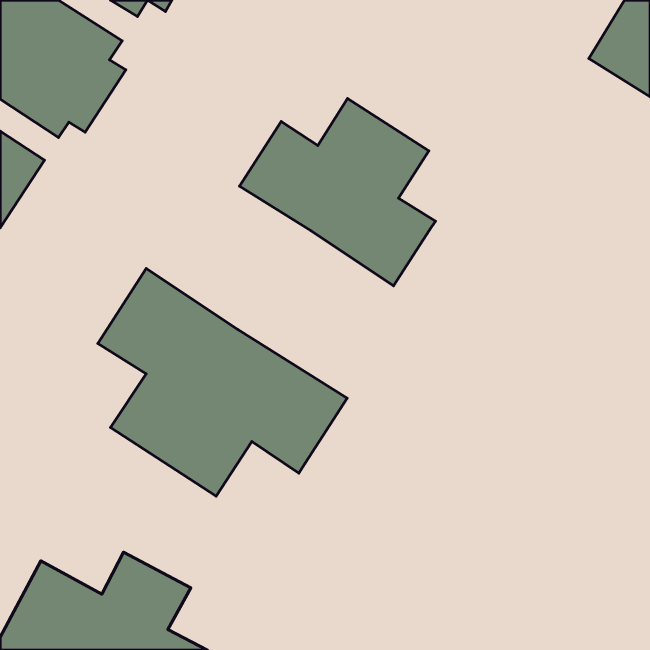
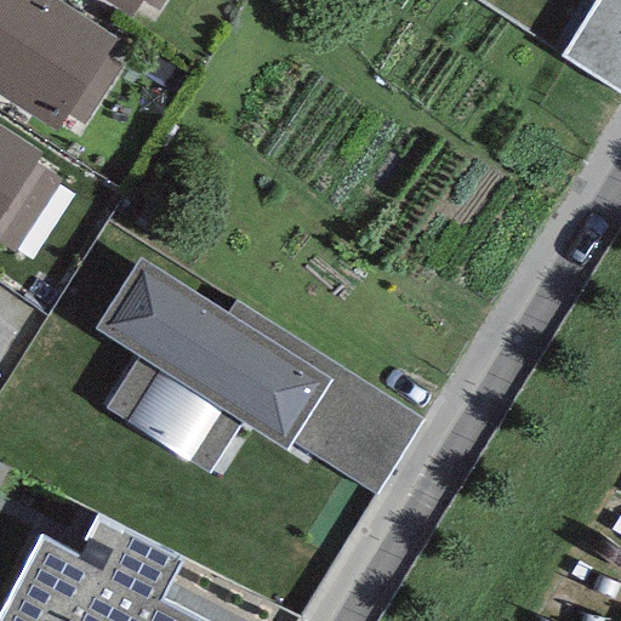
building: [239,99,436,286] -> none
building: none -> [227,301,422,494]

